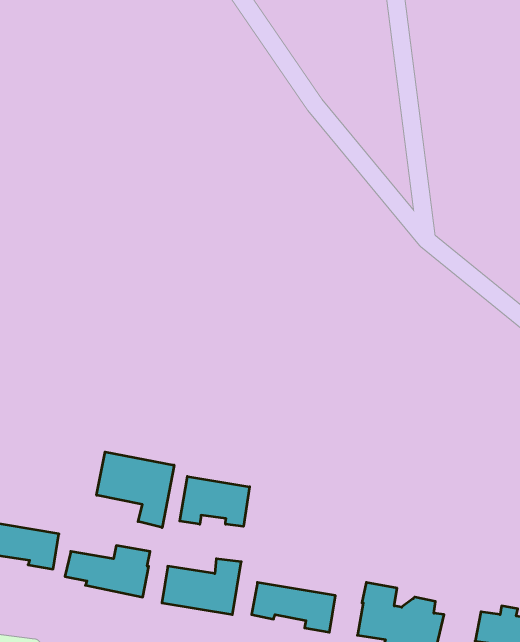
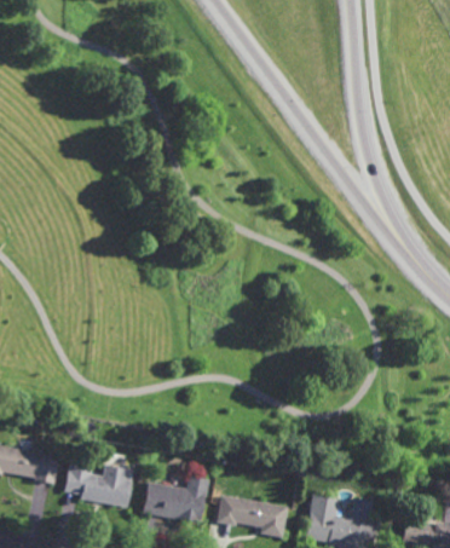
building: [97,452,174,528] -> none
building: [180,476,250,526] -> none

